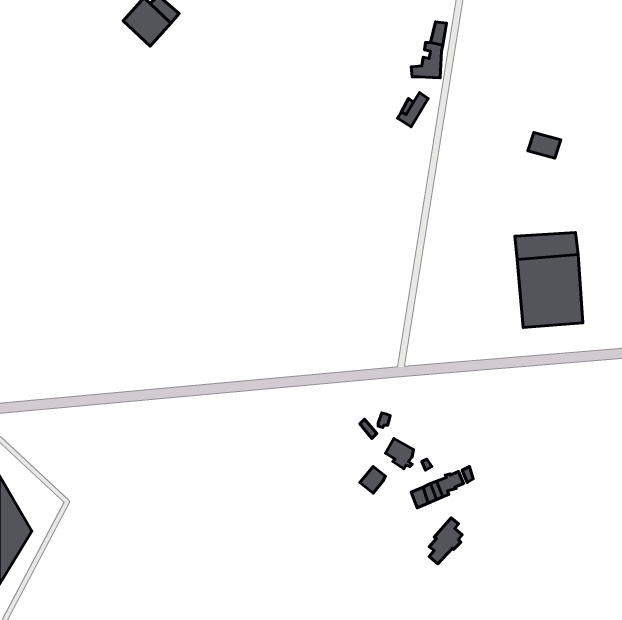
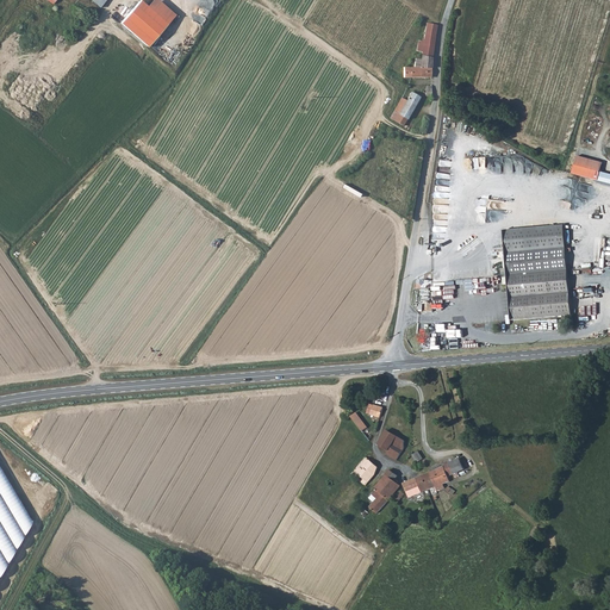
building: [528,132,561,158] -> [571,155,603,180]
building: [429,518,462,564] -> [367,468,399,513]

